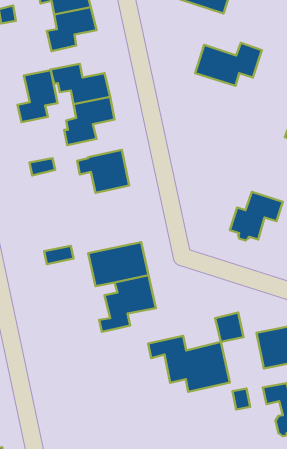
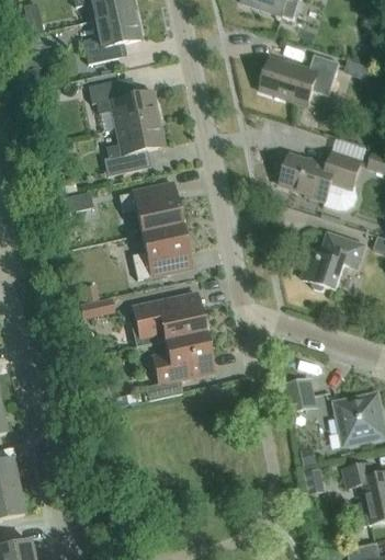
building: [17,70,57,122] -> none
building: none -> [281,151,363,202]
building: none -> [133,225,191,279]
building: [148,336,230,392] -> none

